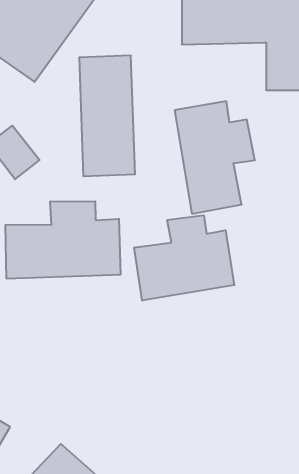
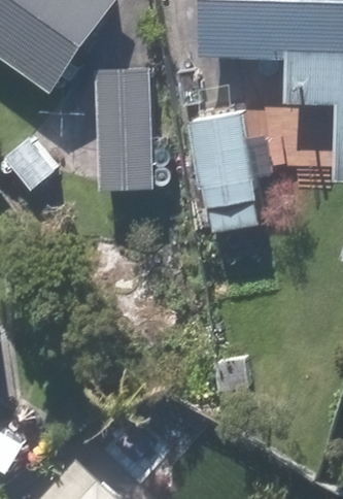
building: [6,201,120,279] -> none
building: [134,215,234,301] -> none

